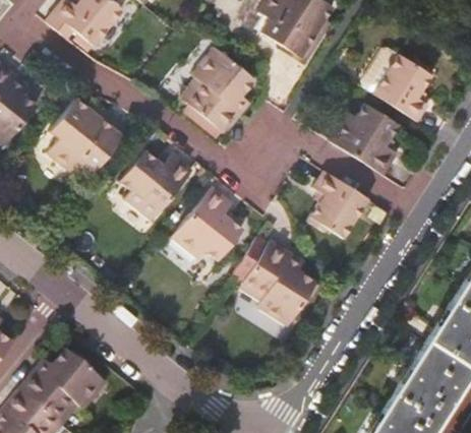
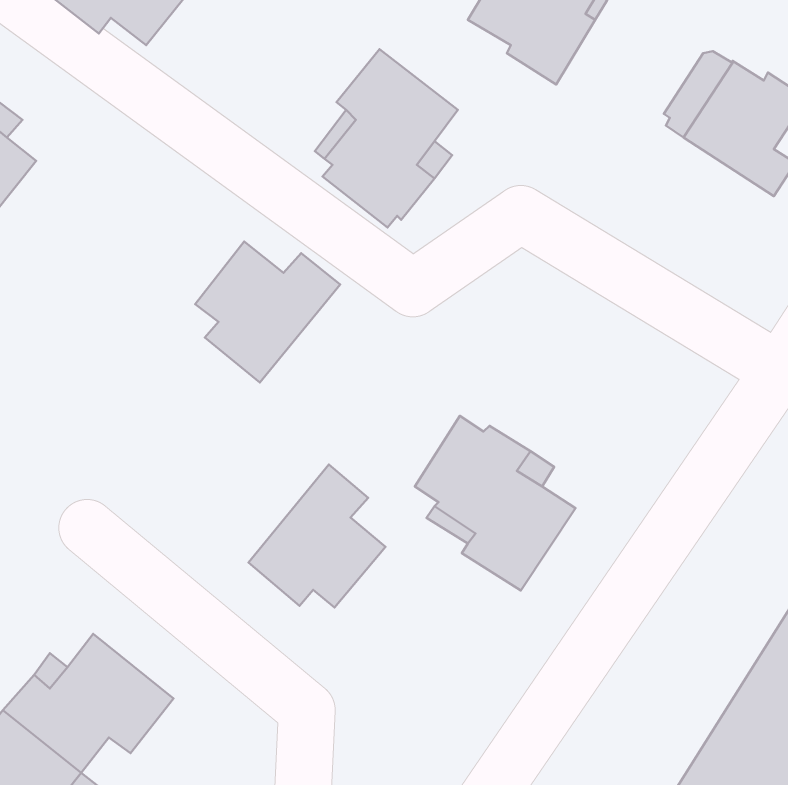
building: [48,98,127,172] -> none
building: [330,104,401,177] -> none
building: [308,172,370,241] -> none
building: [173,186,244,260] -> [248,464,386,608]

